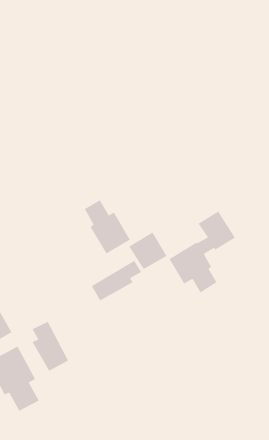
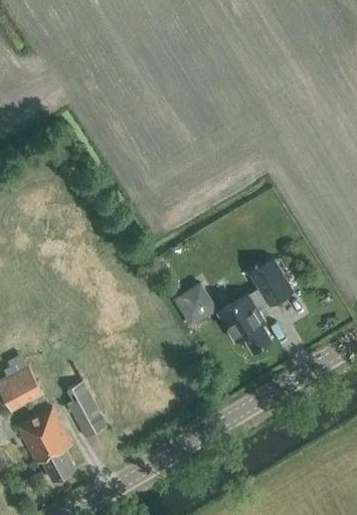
building: [84,199,131,254] -> none
building: [91,260,142,301] -> none

